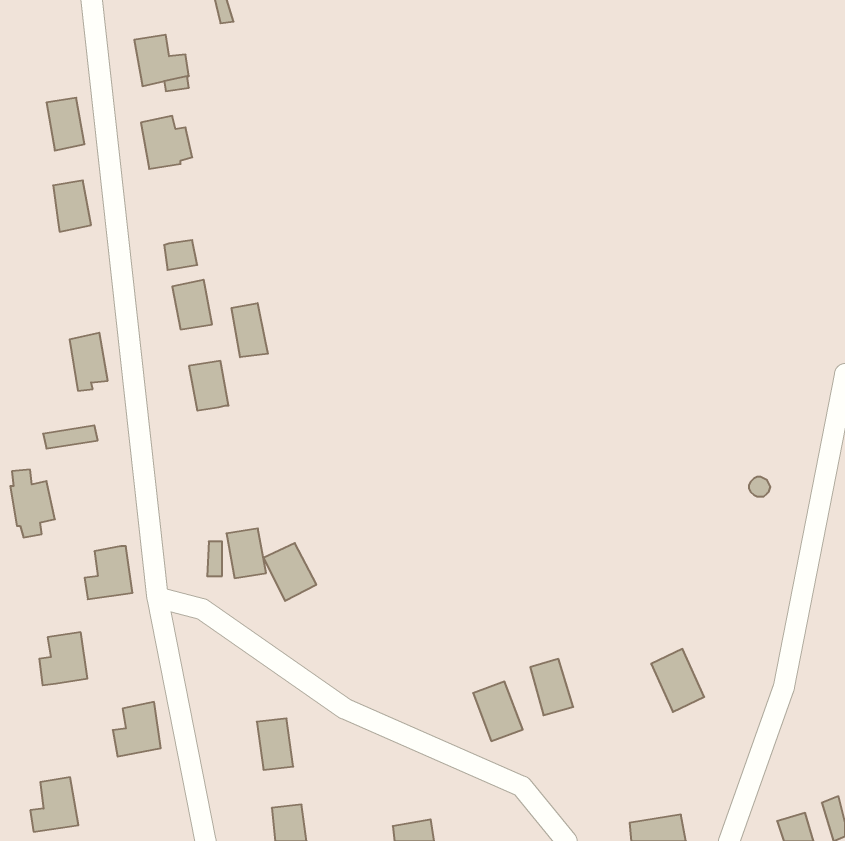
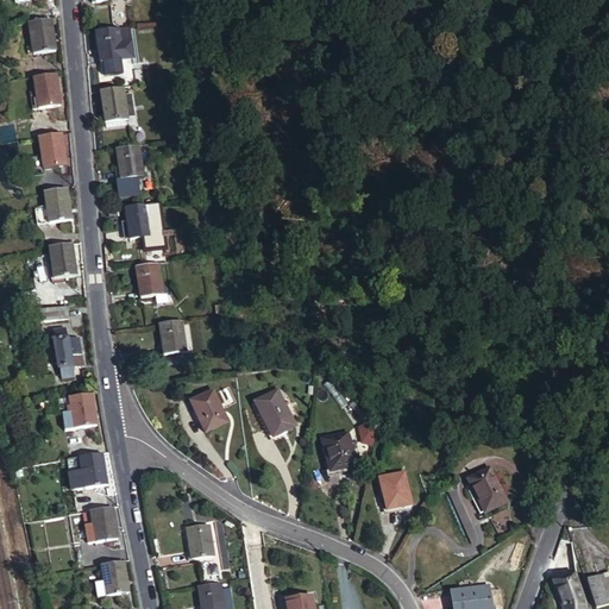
building: none -> [29,14,57,52]
building: none -> [117,142,144,175]
building: none -> [44,184,73,221]
building: [232,303,268,357] -> none
building: [10,470,55,537] -> [52,326,84,375]
building: [226,528,266,578] -> [163,315,192,351]
building: none -> [256,394,294,438]
building: [39,632,87,685] -> [71,451,106,489]
building: [473,682,523,741] -> [322,434,358,477]
building: [30,777,78,832] -> [92,558,126,597]

